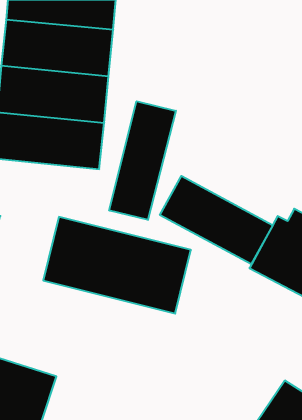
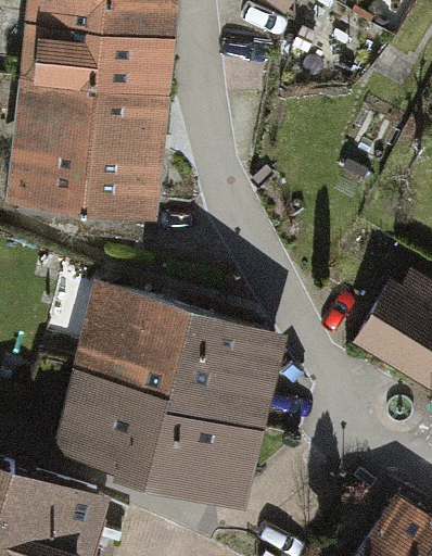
building: [109,101,176,220] -> none
building: [160,176,273,264] -> none
building: none -> [63,369,255,486]

